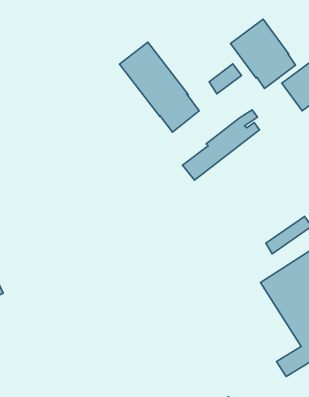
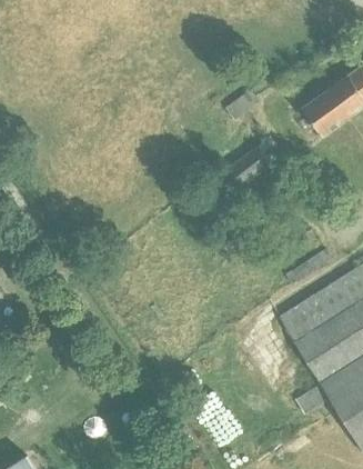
building: [231,19,296,88] -> none
building: [119,42,199,132] -> none

